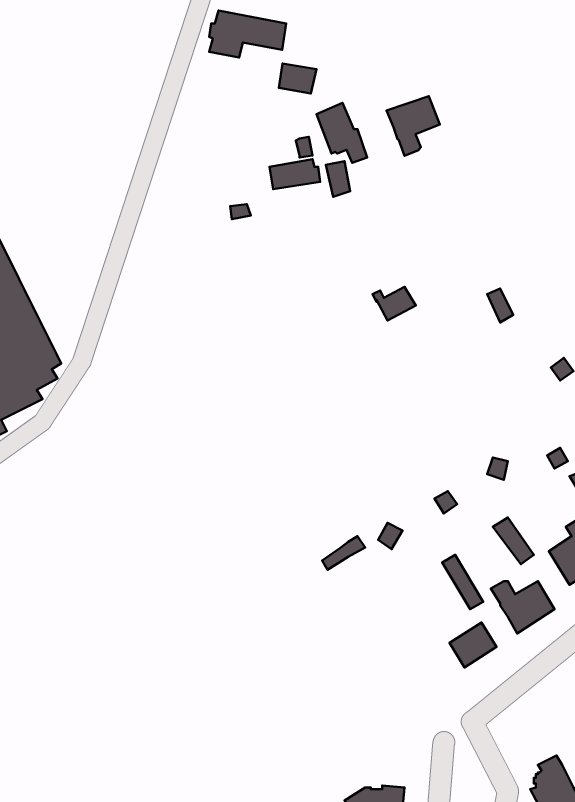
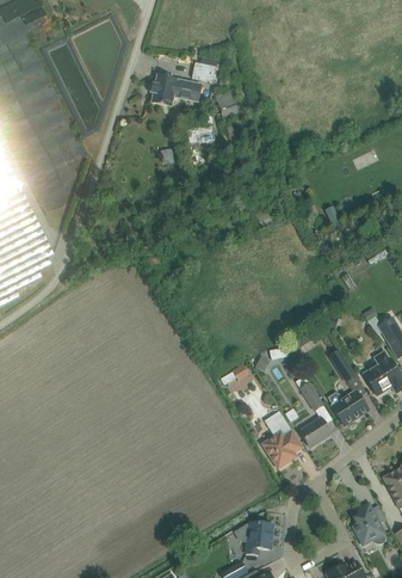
building: [209,11,286,57] -> [151,75,200,105]
building: [387,96,440,156] -> none
building: none -> [266,411,302,467]

